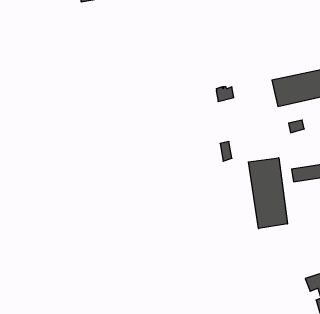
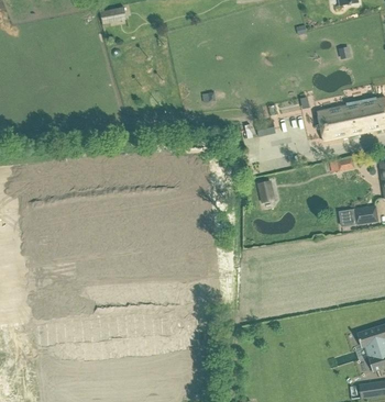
building: [248,158,287,229] -> none

